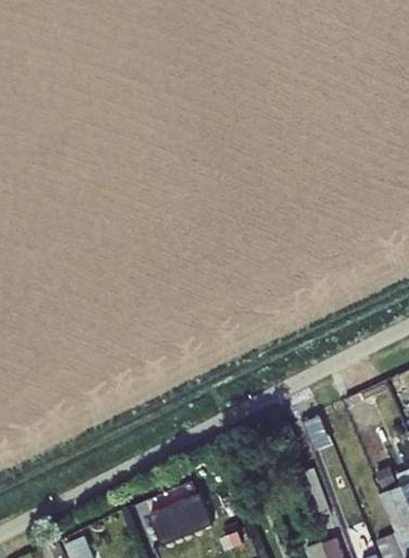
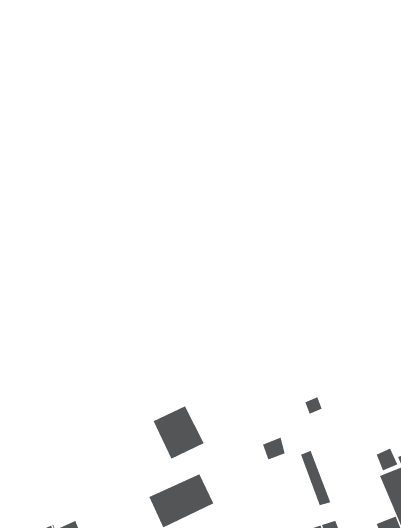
building: none -> [153,406,204,460]

